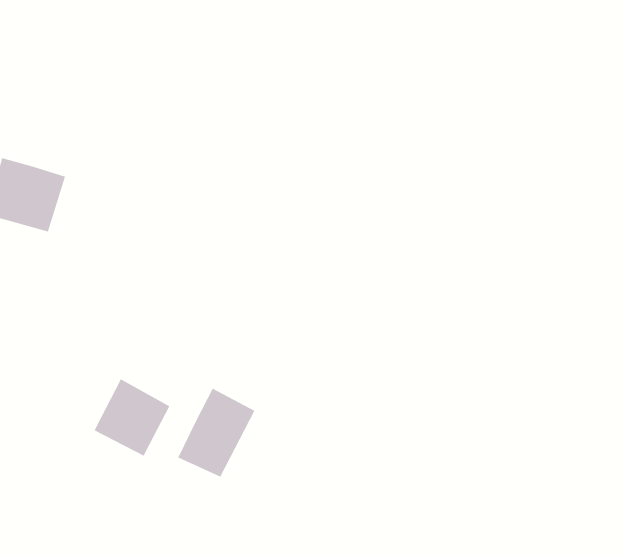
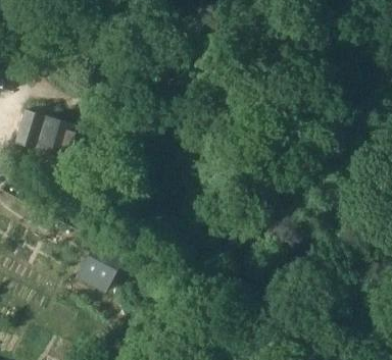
building: [177,388,255,478] -> none

